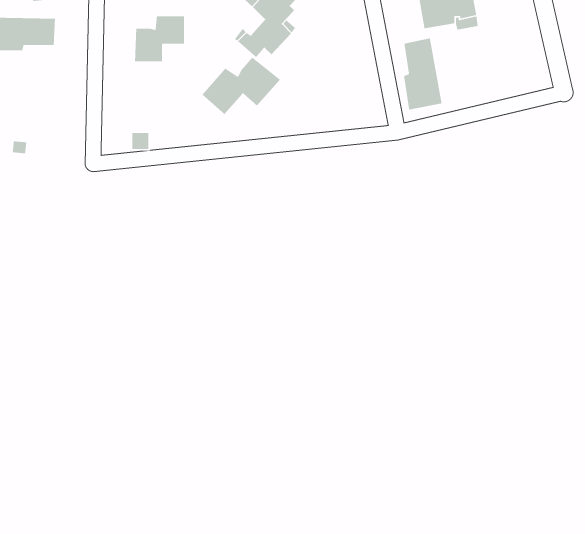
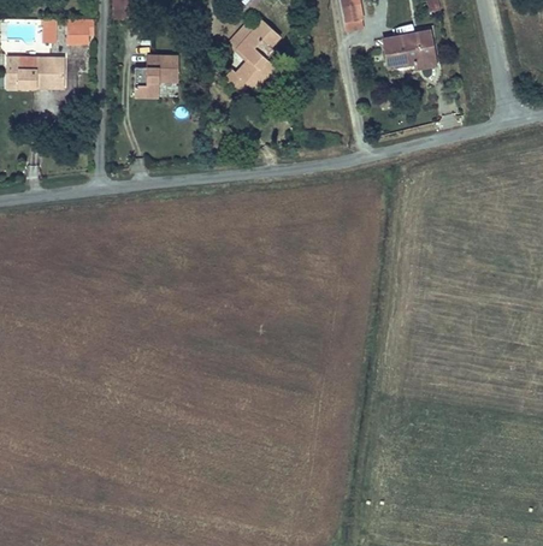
building: [403,37,442,111] -> none
building: [201,57,281,115] -> none

